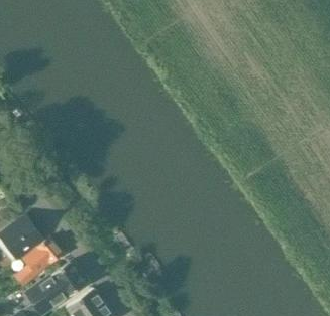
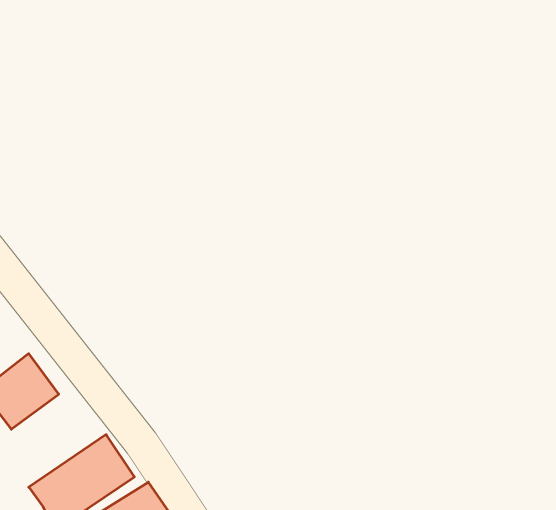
building: [14,238,62,285] -> none

